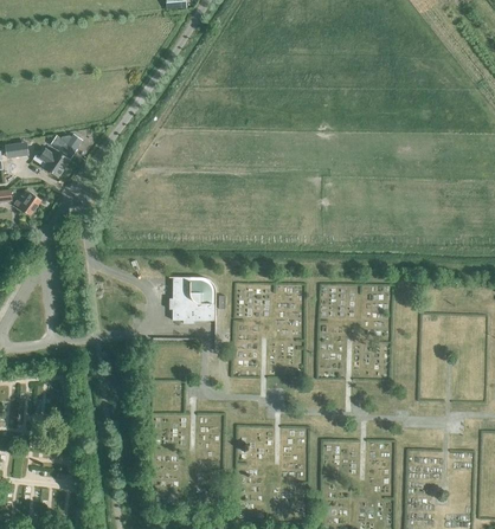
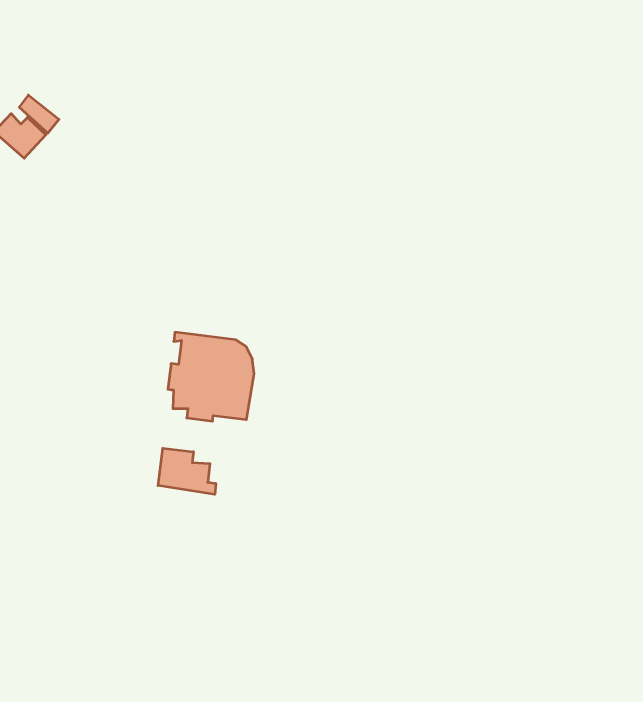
building: none -> [158,448,216,494]

